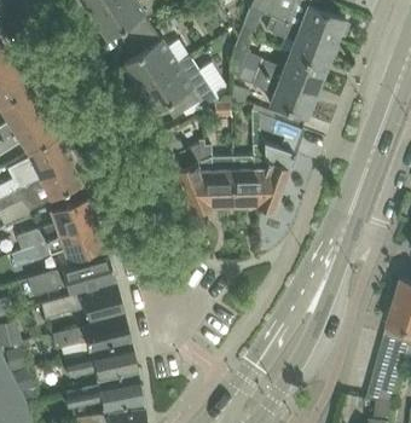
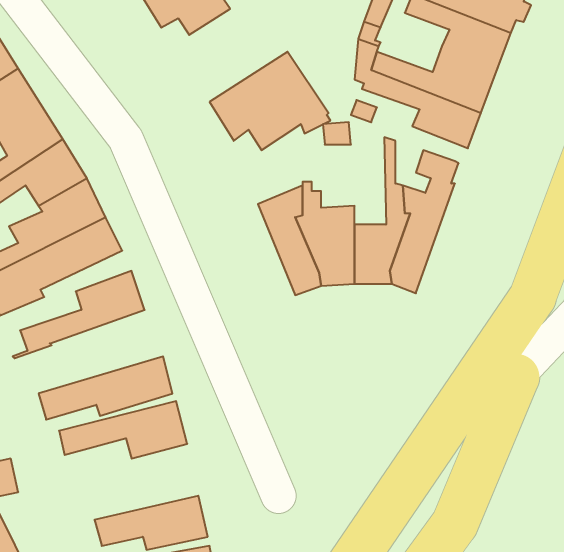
building: [123,28,176,88] -> none
building: [12,224,106,267] -> none
building: [53,315,131,349] -> none

